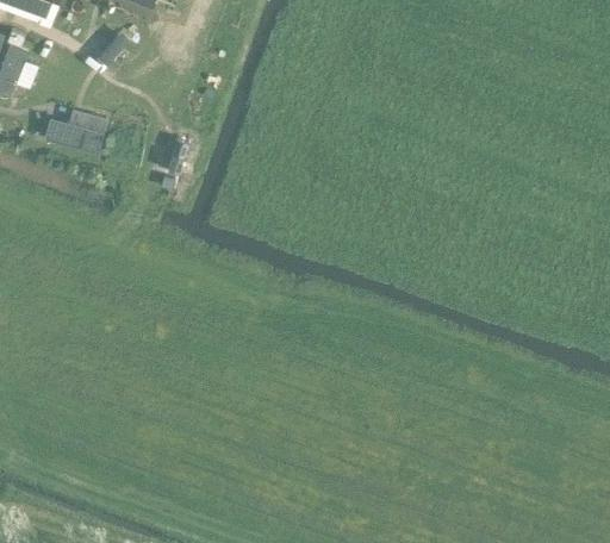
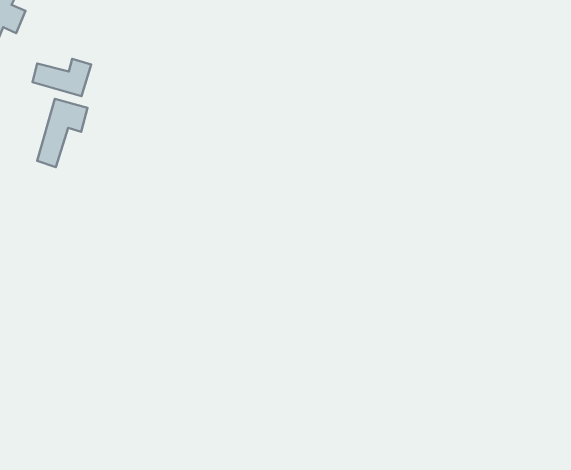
building: none -> [37,99,87,167]

